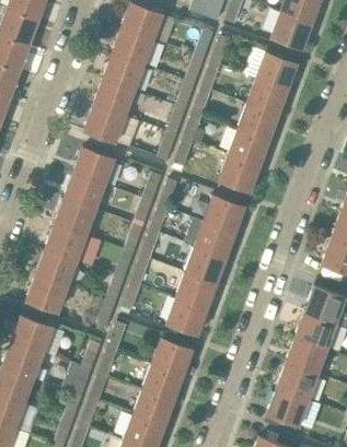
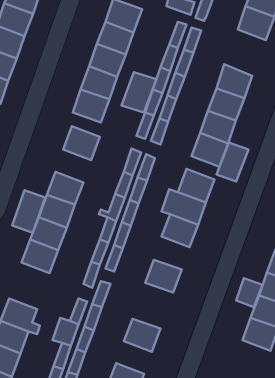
building: [256,51,298,90] -> none
building: none -> [121,72,156,113]
building: none -> [217,142,248,182]
building: [65,173,105,210] -> none
building: none -> [12,190,45,233]
building: [176,271,217,308] -> none
building: [12,315,53,353] -> none
building: none -> [236,278,263,307]
building: [152,338,193,375] -> none
building: [267,388,309,426] -> none
building: [134,389,174,426] -> none

